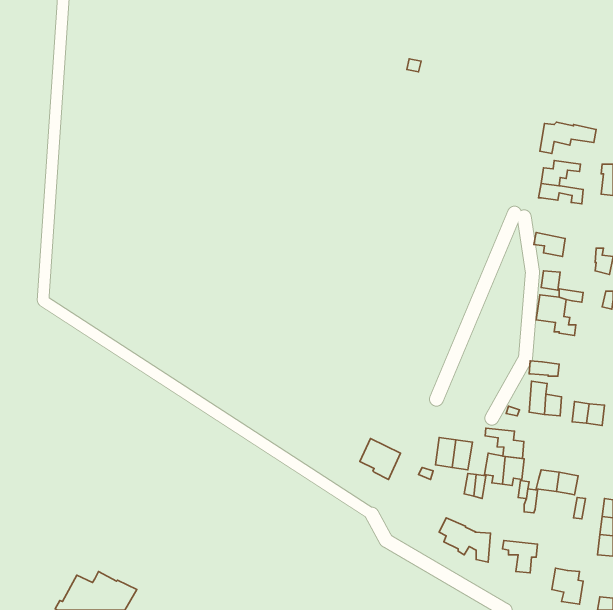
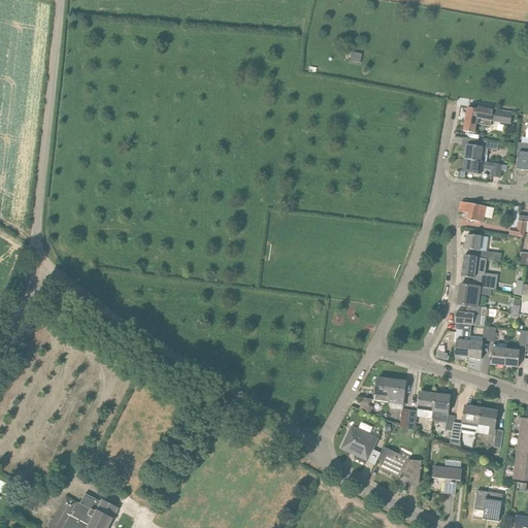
building: none -> [458,284,482,314]
building: [485,428,524,458] -> none
building: [360,439,401,479] -> [342,425,377,460]

